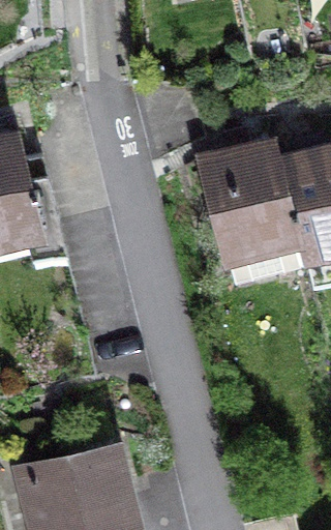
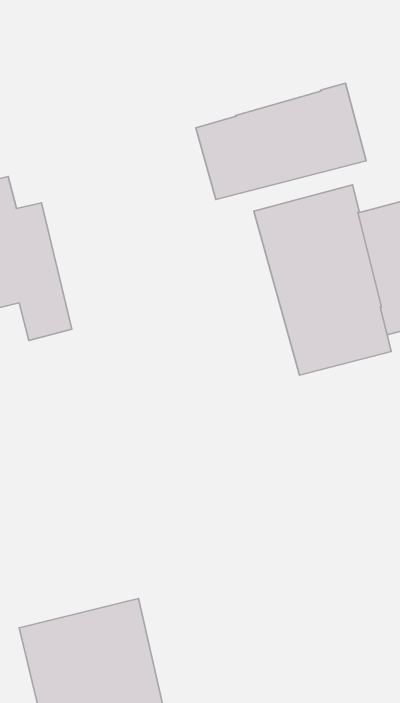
building: none -> [196,83,366,199]

